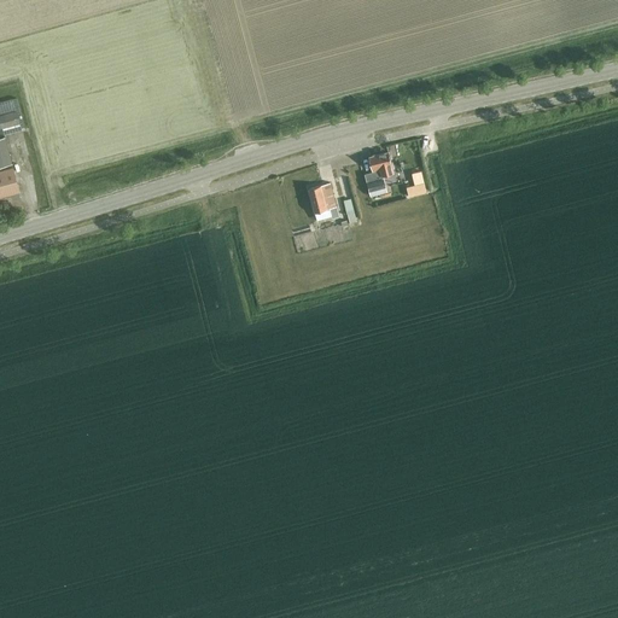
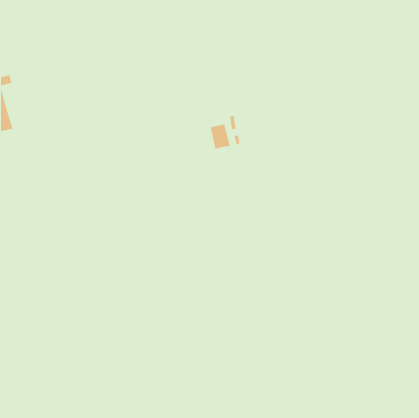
building: [365,152,393,197] -> none

